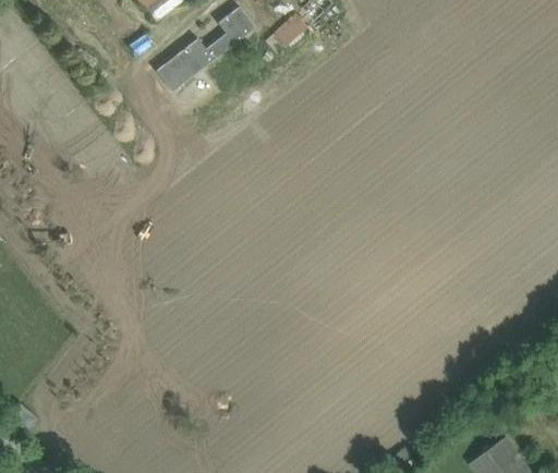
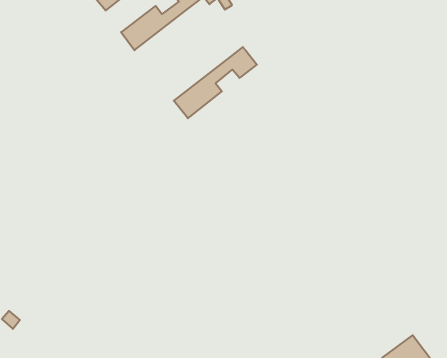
building: none -> [174,47,257,118]

